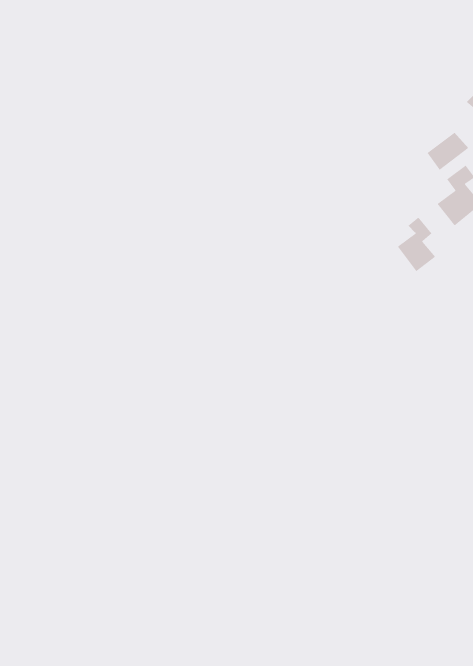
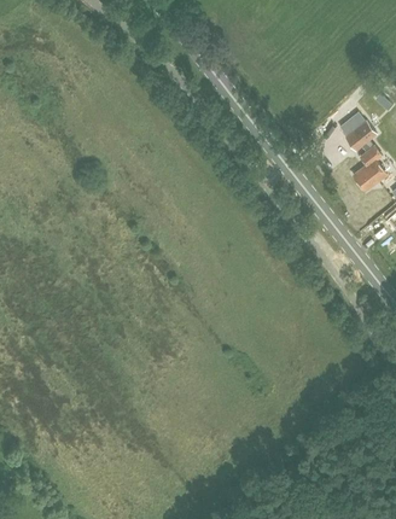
building: [397,217,436,272] -> none

